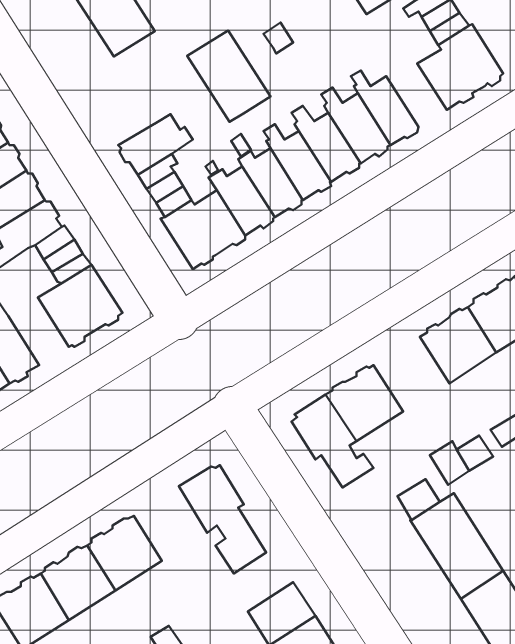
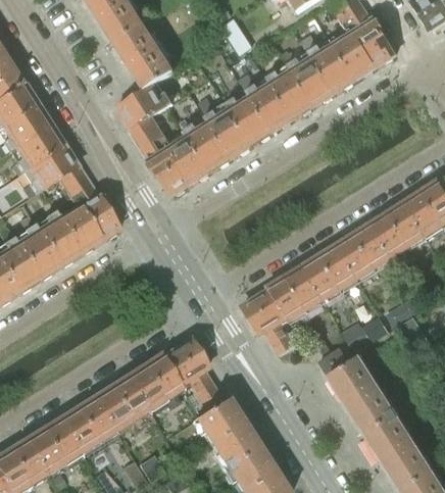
building: [187,30,270,122] -> [114,24,175,91]
building: none -> [306,39,355,94]
building: none -> [38,213,82,266]
building: none -> [302,246,357,300]
building: none -> [129,354,182,408]
building: none -> [196,399,244,445]

